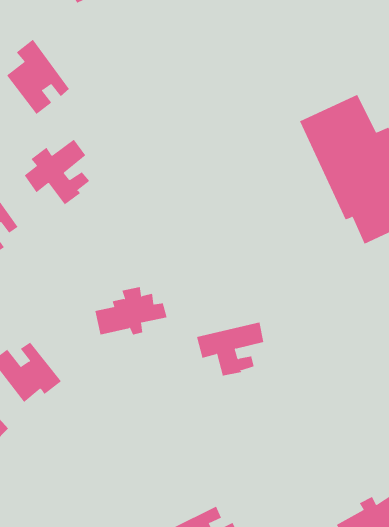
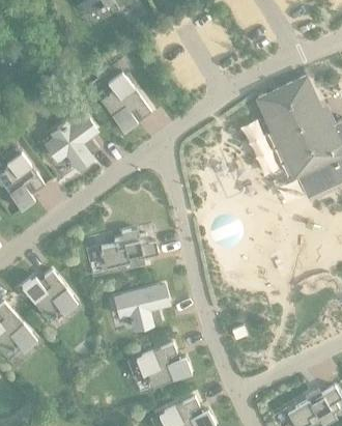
building: [6,39,70,115] -> [99,72,148,130]
building: [196,322,264,376] -> [114,286,166,328]
building: none -> [135,343,189,387]

